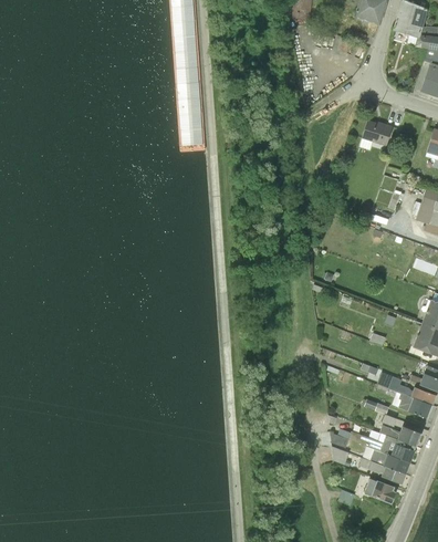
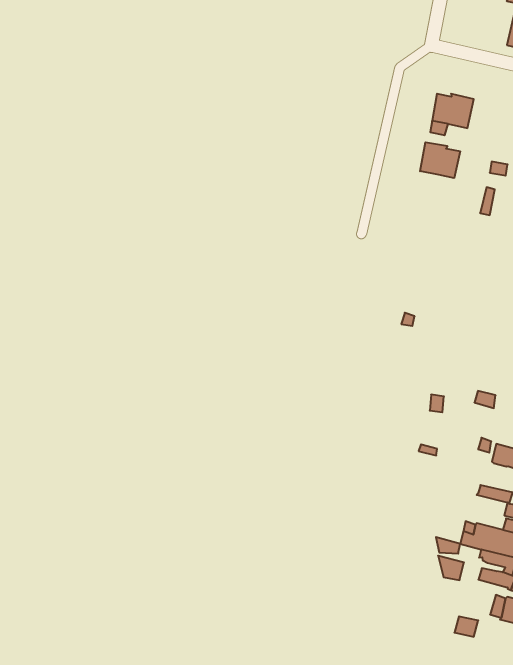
building: none -> [420,142,460,178]

